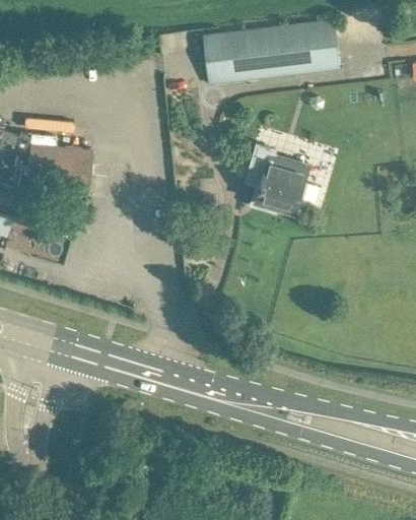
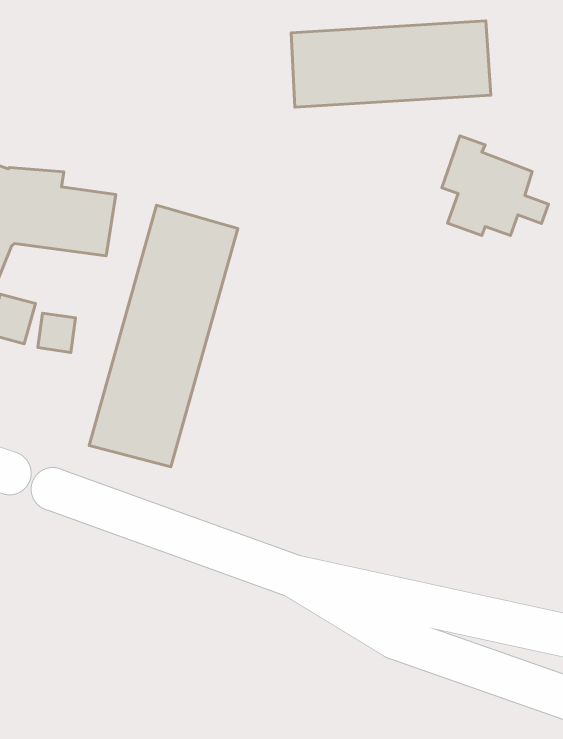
building: [248,145,320,211] -> [442,136,549,236]
building: none -> [89,205,238,467]

